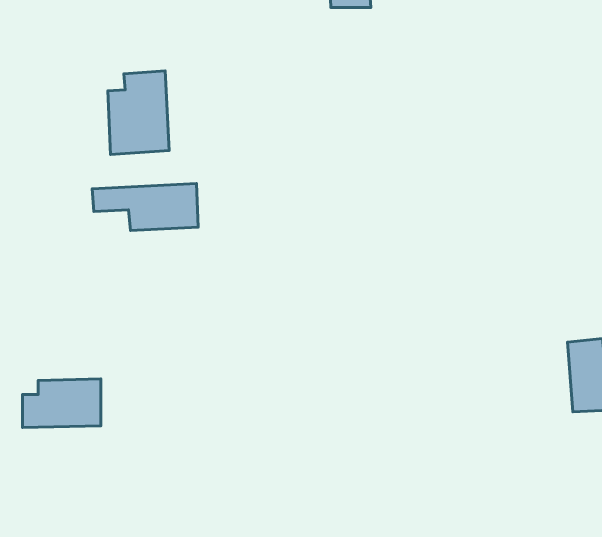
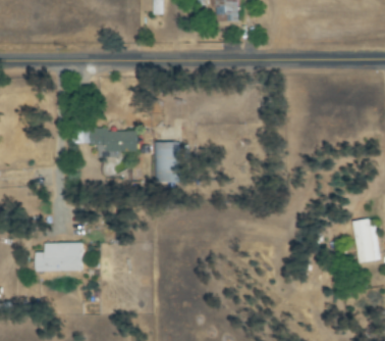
building: [108,71,169,155] -> none
building: none -> [153,141,178,184]

